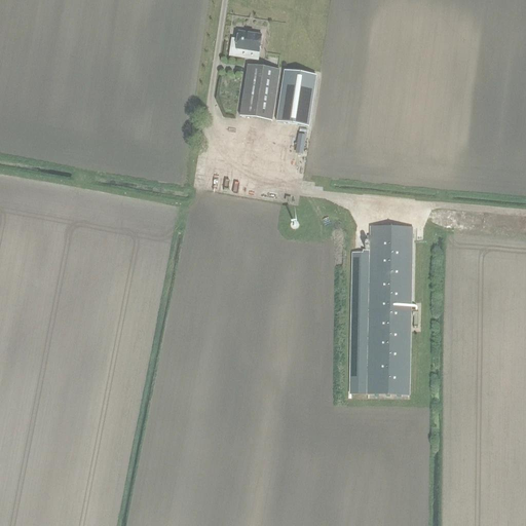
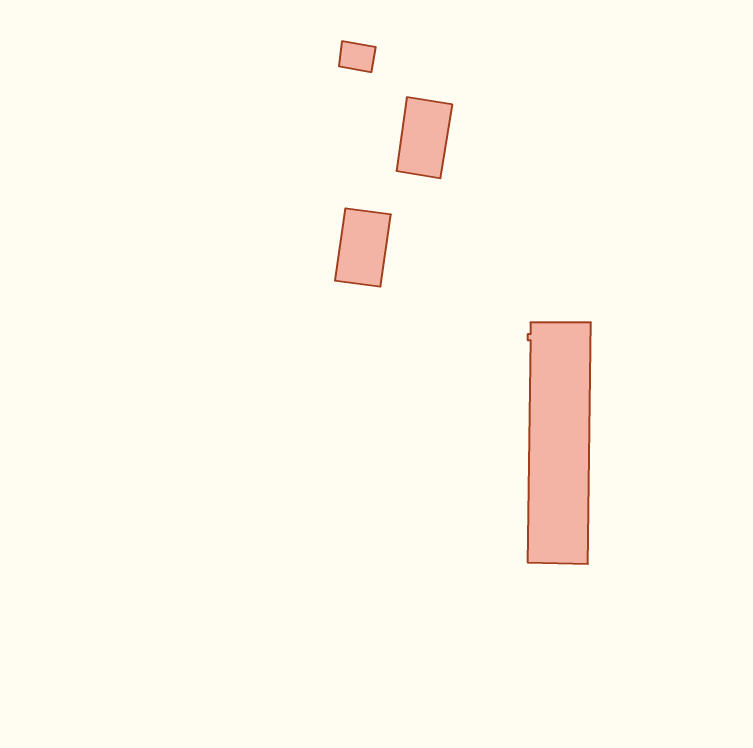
building: [239,64,278,118] -> [335,208,391,287]
building: [349,251,369,391] -> none

